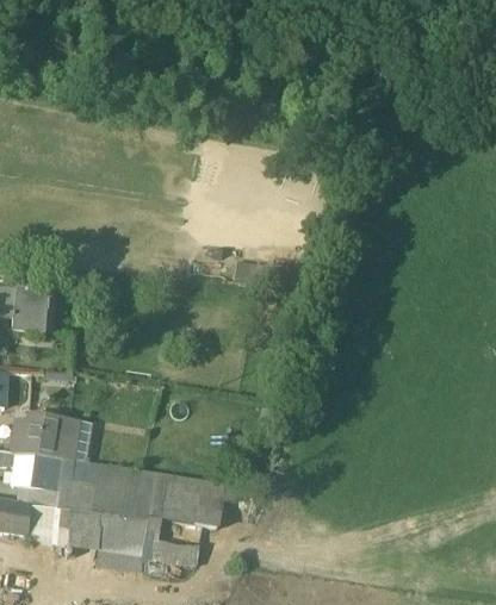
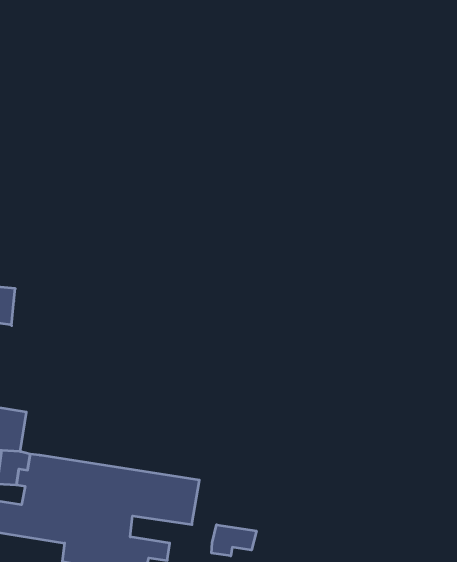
building: [54,418,79,460] -> none
building: none -> [212,525,256,556]

